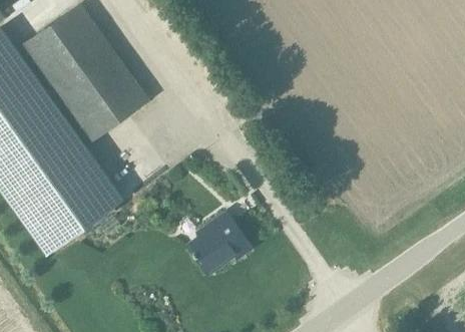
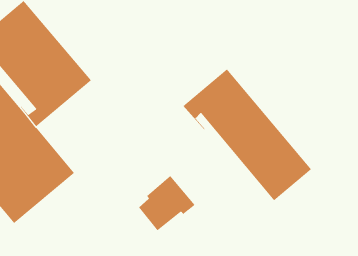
building: none -> [183,68,312,201]

